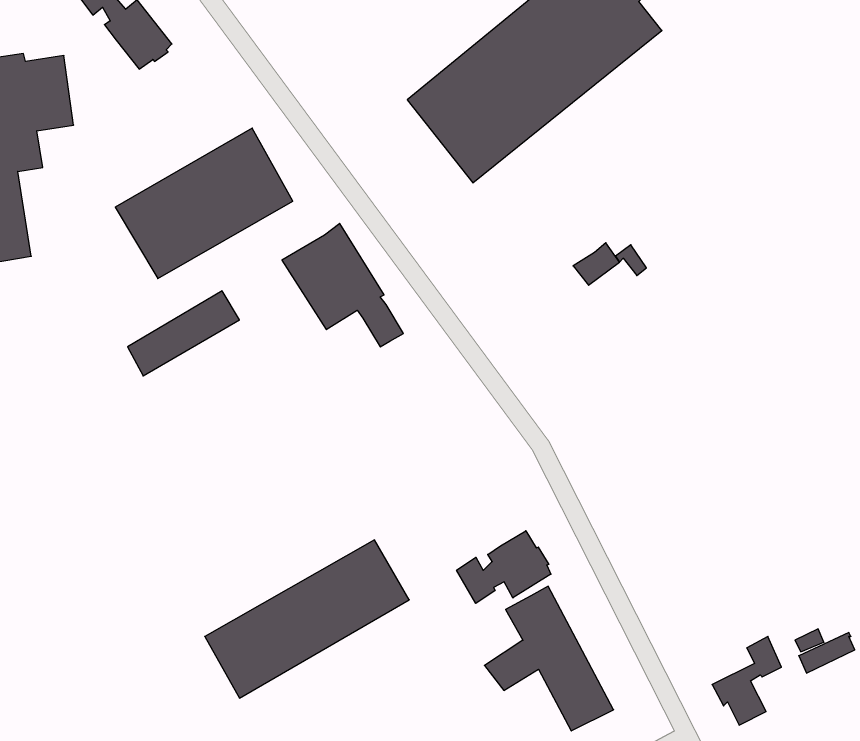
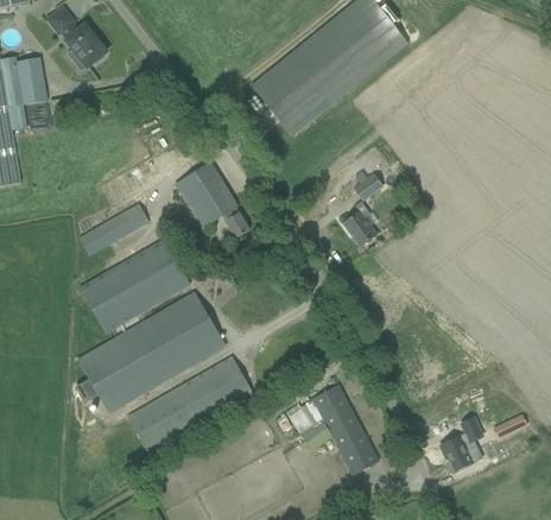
building: [115,128,293,279] -> [80,239,189,331]
building: none -> [343,201,376,246]
building: none -> [77,292,226,412]
building: [457,531,551,603] -> none

